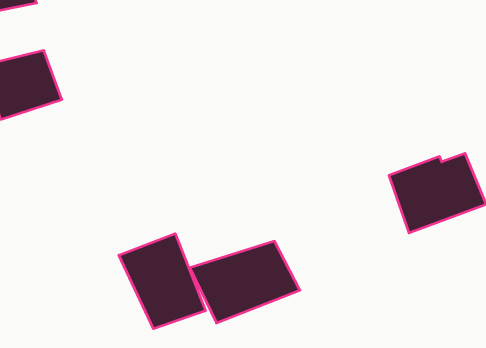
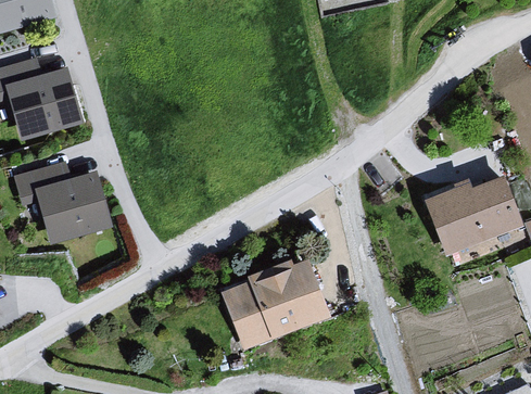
building: none -> [28,171,111,246]
building: [119,234,205,329] -> none

